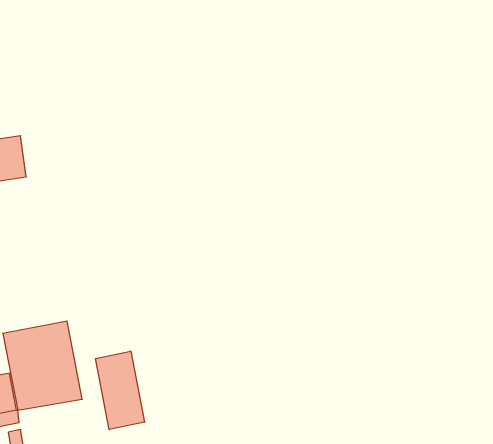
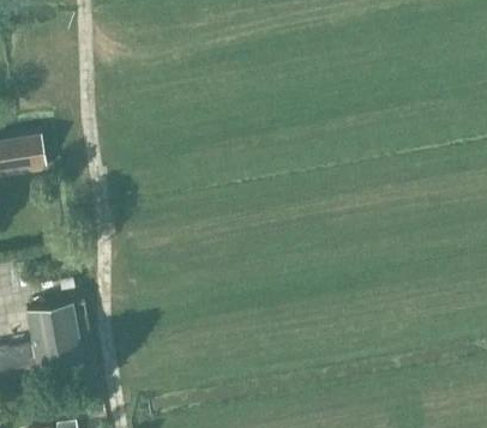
building: [96,351,145,430] -> none

